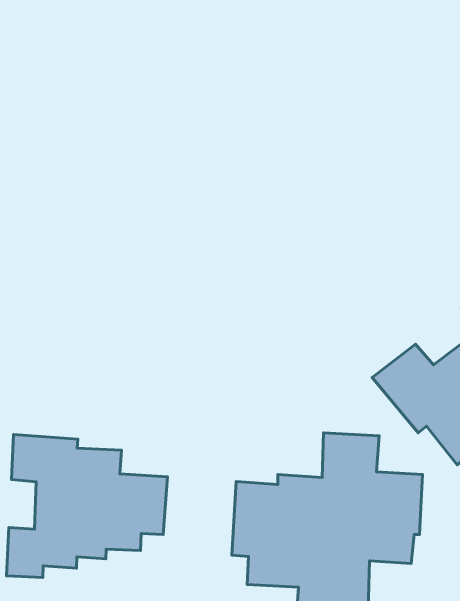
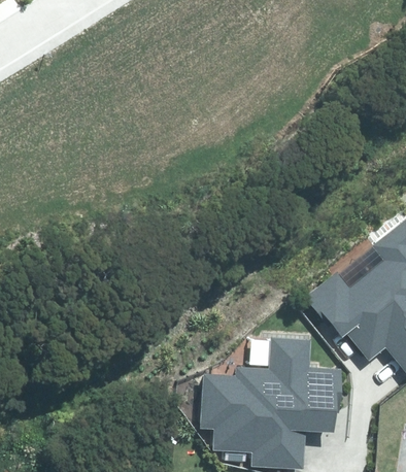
building: [6,434,167,577] -> none

